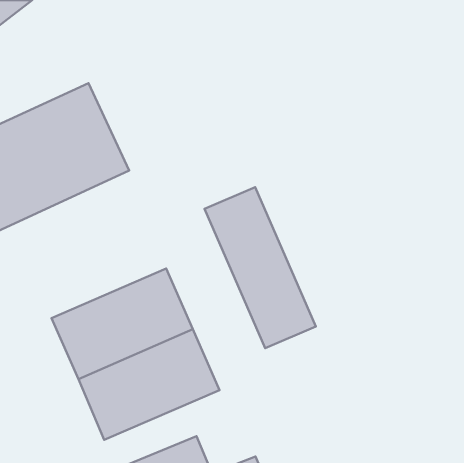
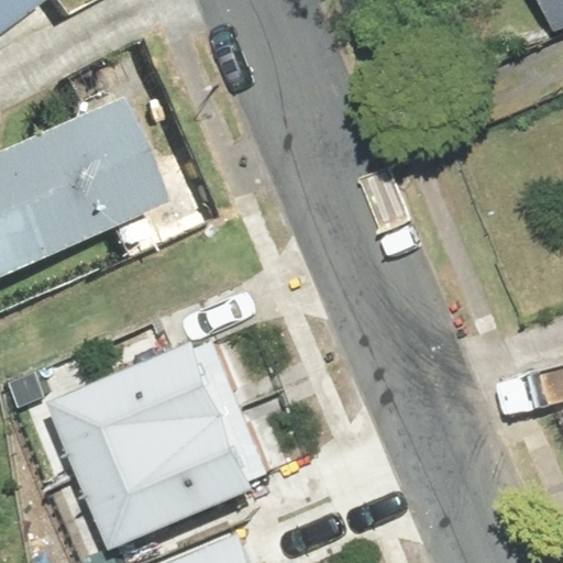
building: [205,187,316,348] -> none

